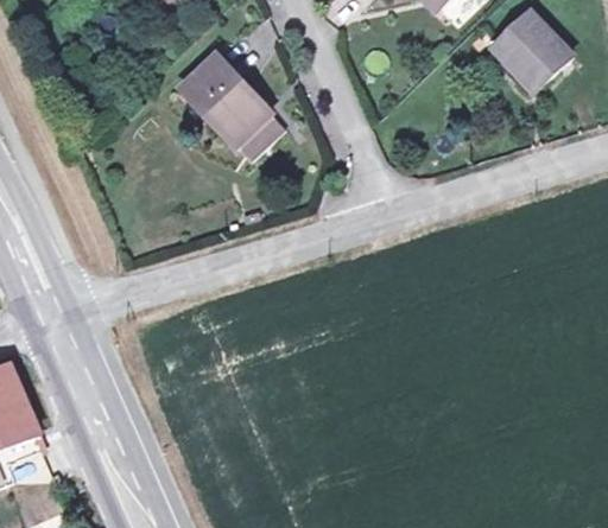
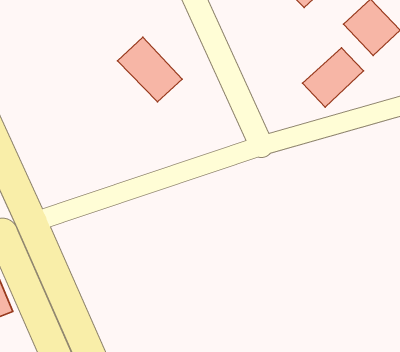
building: none -> [302,48,363,107]

